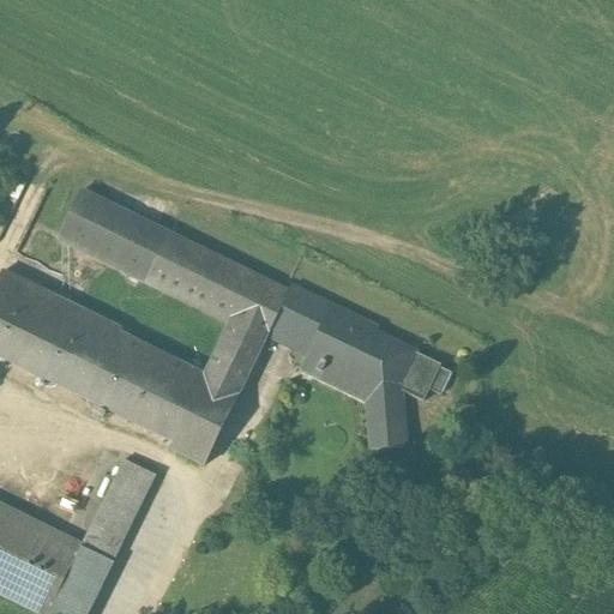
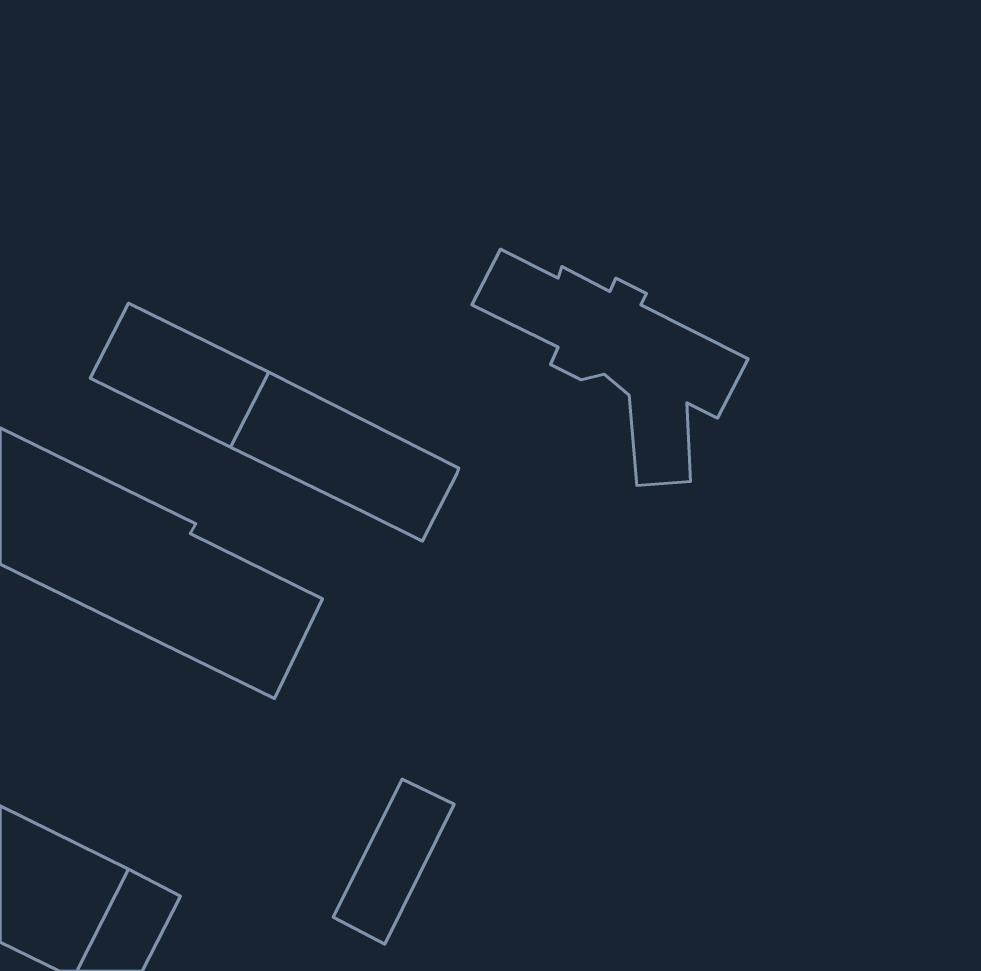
building: [267,296,440,444] -> [472,249,748,485]
building: [168,320,264,462] -> none
building: [80,457,156,560] -> [333,779,454,944]

